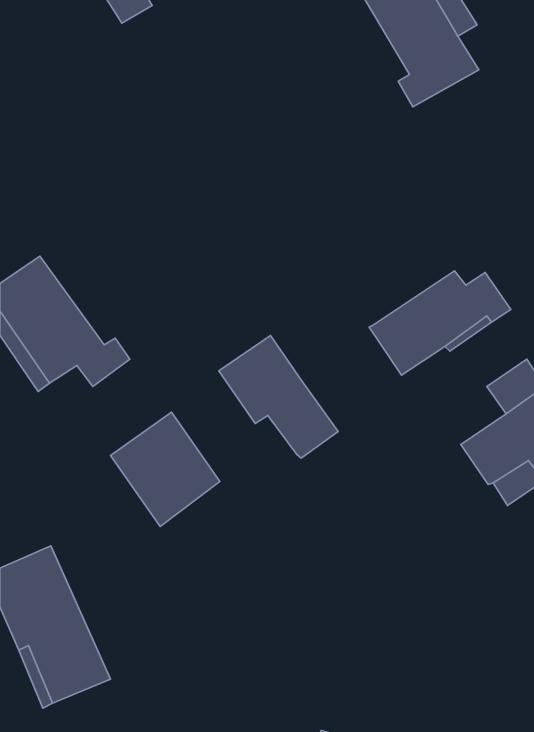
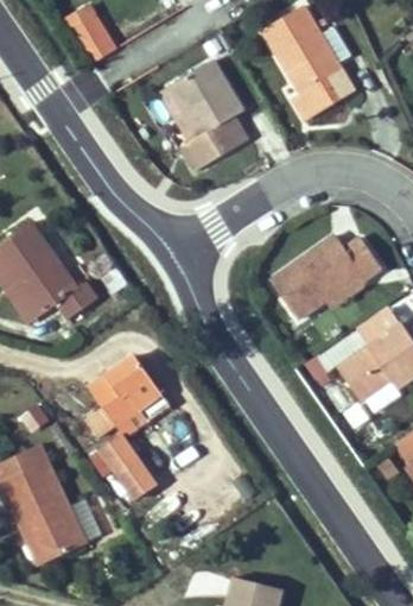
building: none -> [172,62,247,171]
building: [219,335,338,458] -> none
building: none -> [96,428,152,492]

